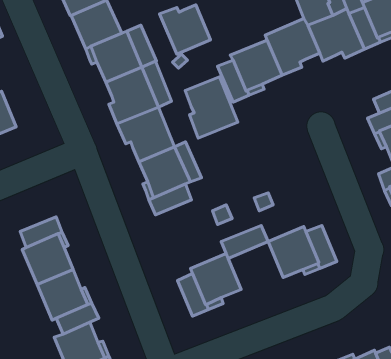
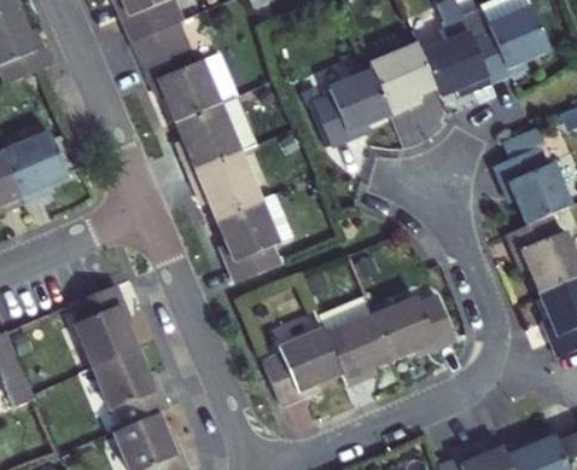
building: [160,5,210,54] -> none
building: [185,77,238,138] -> none
building: none -> [325,314,391,384]

